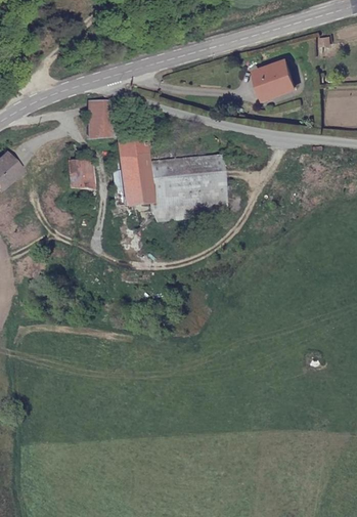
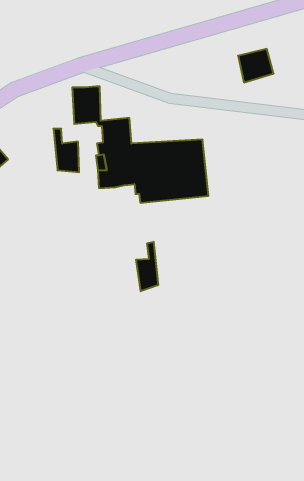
building: none -> [136,242,158,291]

